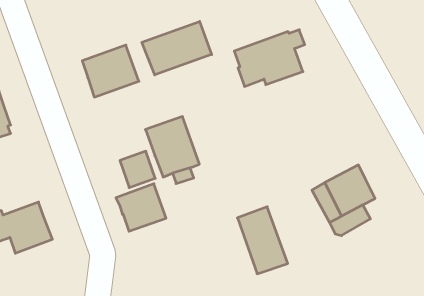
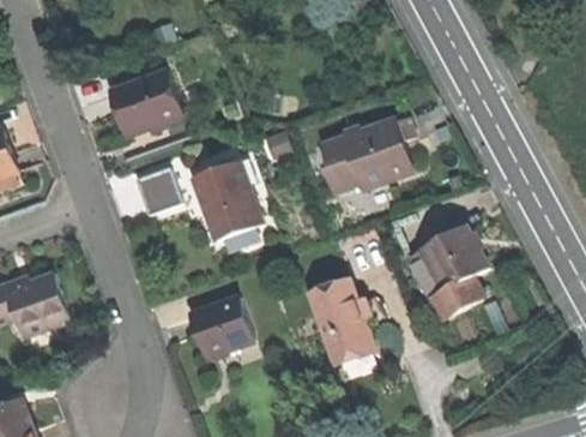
building: [142,21,212,75] -> none
building: [234,30,305,86] -> [322,116,413,190]
building: [120,151,155,188] -> [134,167,180,214]
building: [116,184,166,231] -> [188,295,253,357]

